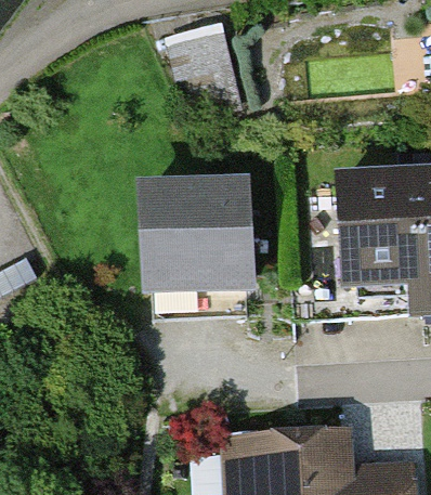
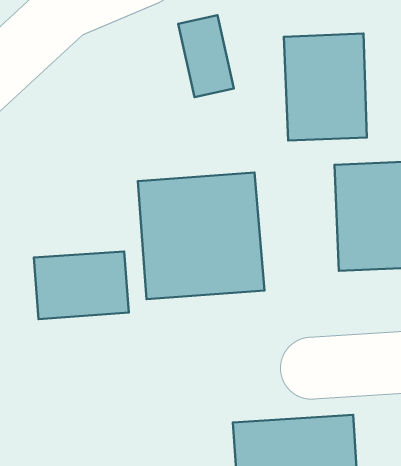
building: none -> [284,34,367,141]
building: none -> [34,251,129,319]

